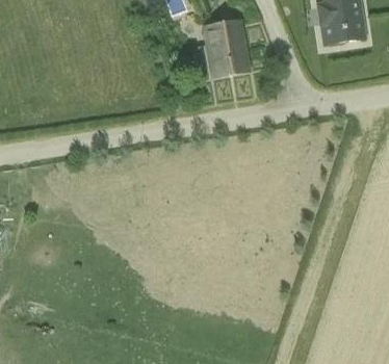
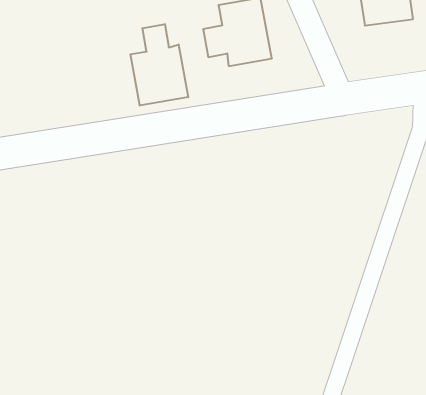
building: none -> [130,24,188,106]

